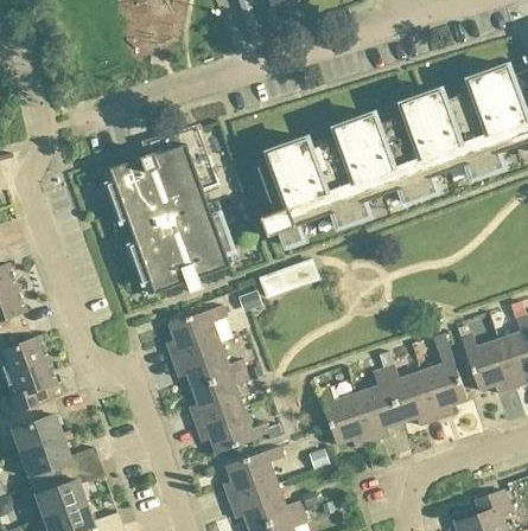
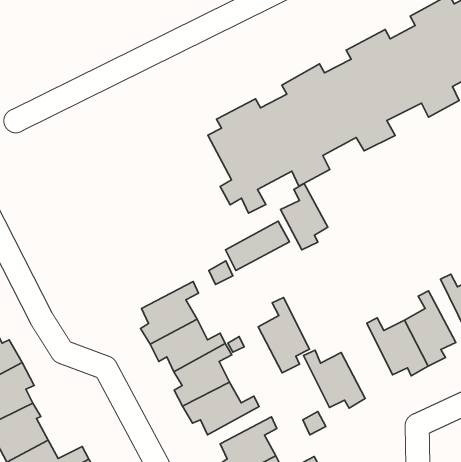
building: [107,126,233,293] -> none
building: none -> [281,183,328,250]
building: [355,367,401,440] -> [258,297,310,373]

